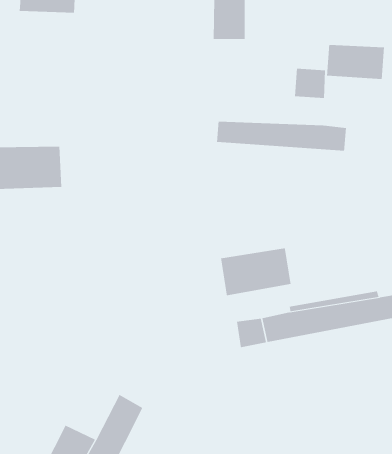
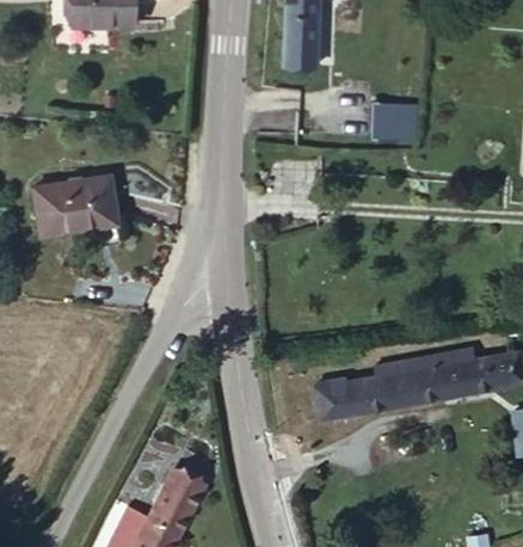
building: [327,44,385,80] -> none
building: [217,121,347,151] -> none
building: [221,248,291,296] -> none

